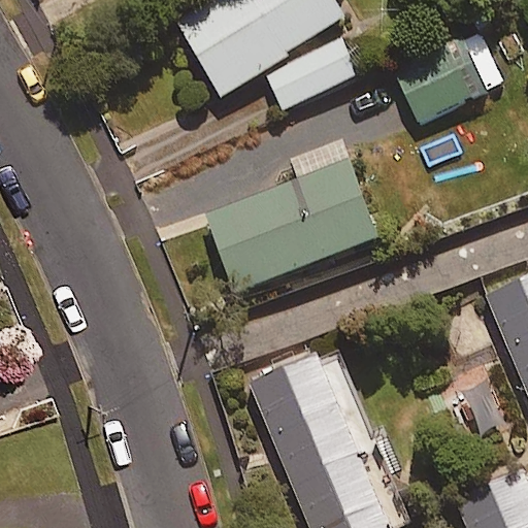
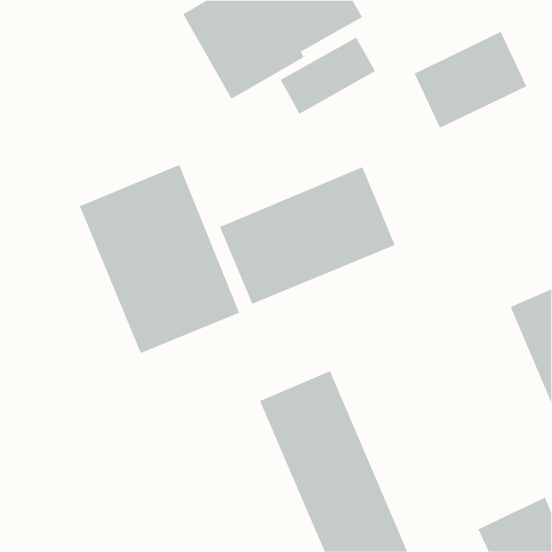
building: none -> [79,164,240,354]

